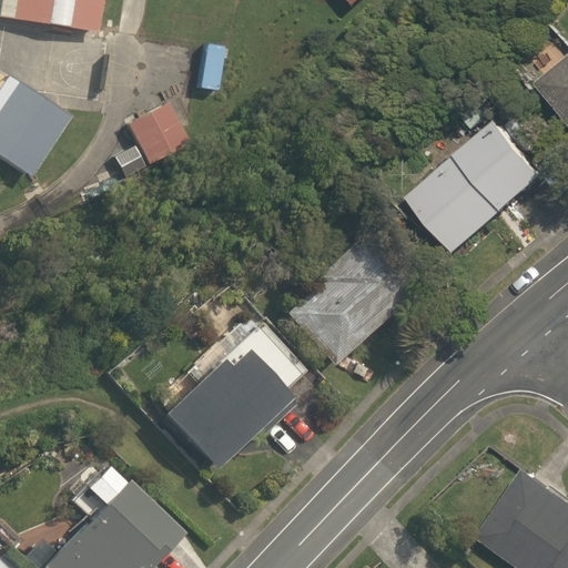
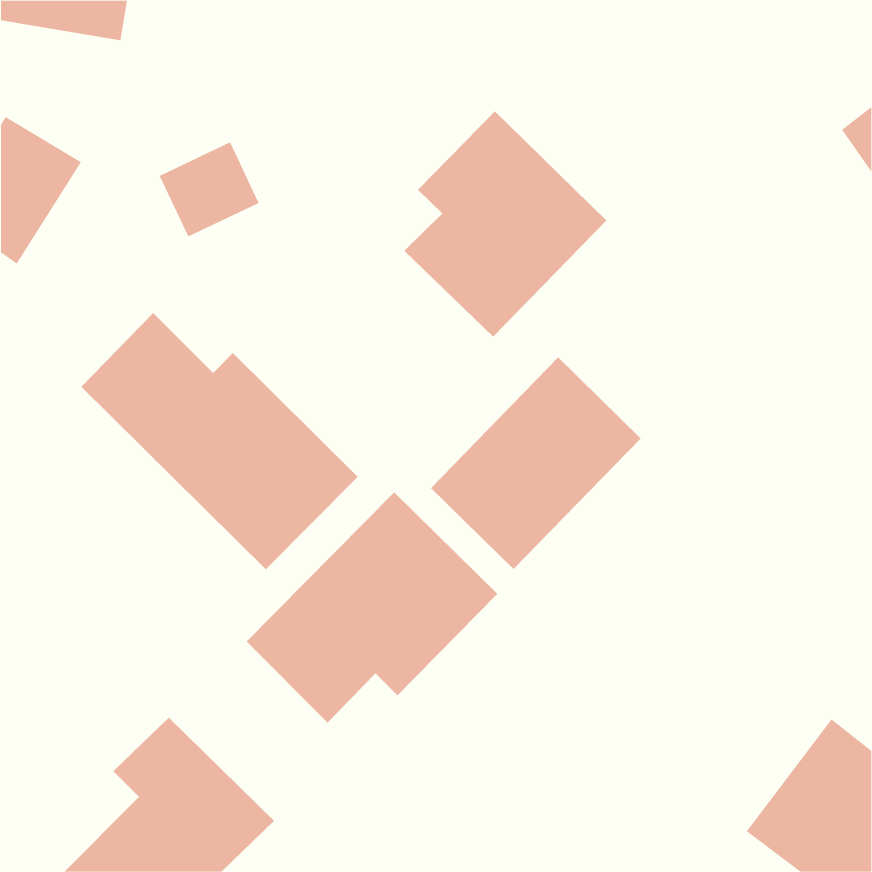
building: none -> [404,111,607,338]
building: [417,125,555,255] -> none
building: none -> [80,312,359,570]

